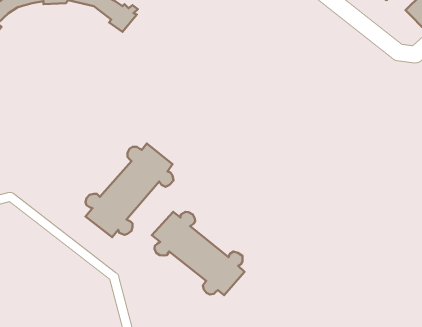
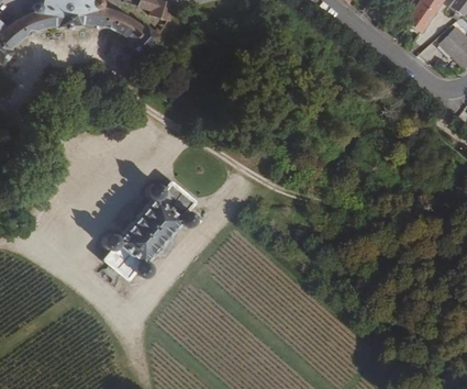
building: [152,212,245,295] -> none

